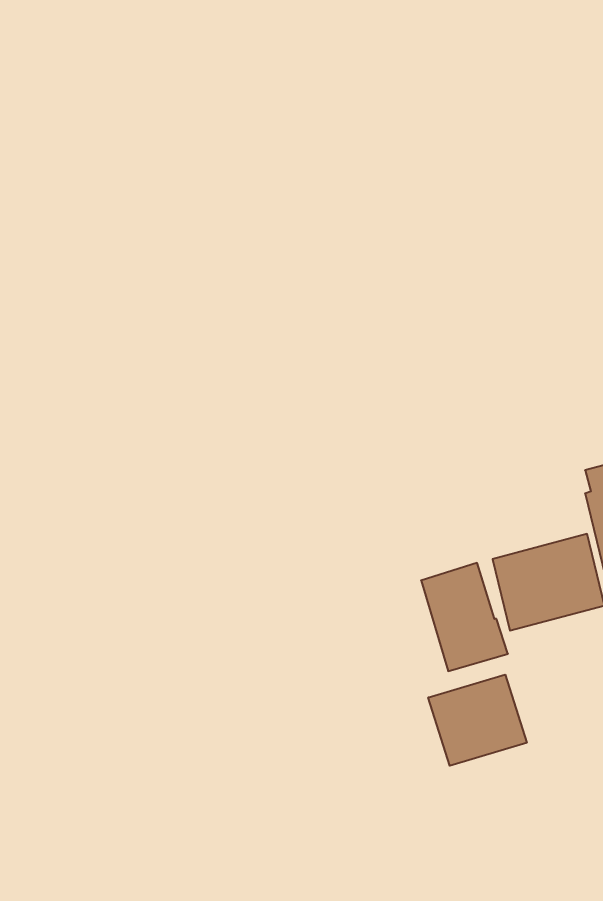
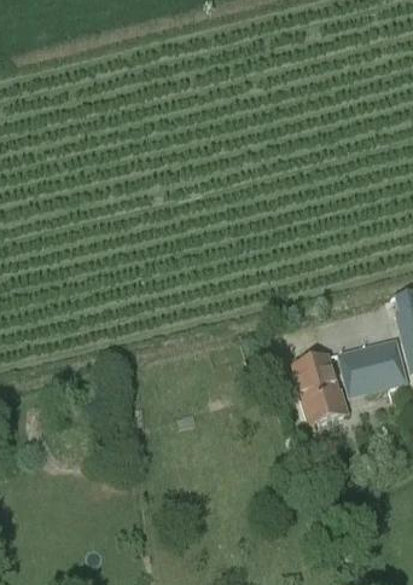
building: [428,675,527,766] -> none

